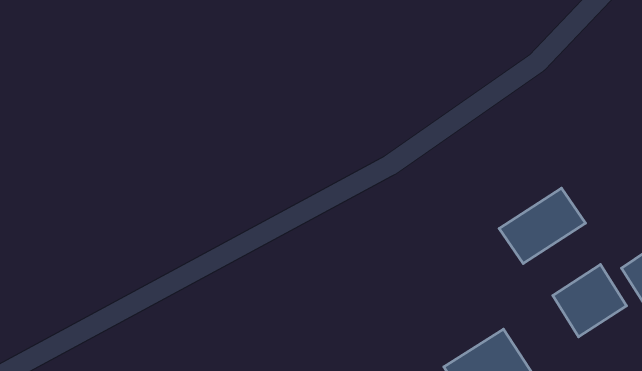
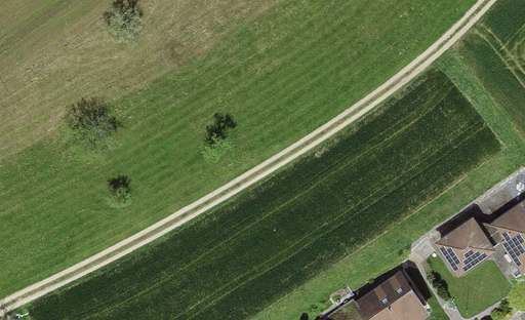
building: [499,188,585,263] -> none

